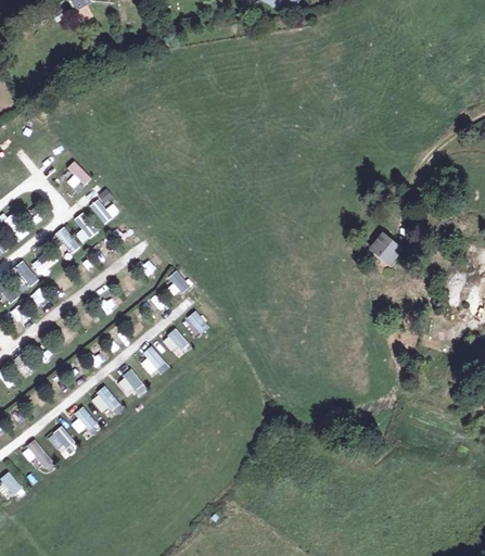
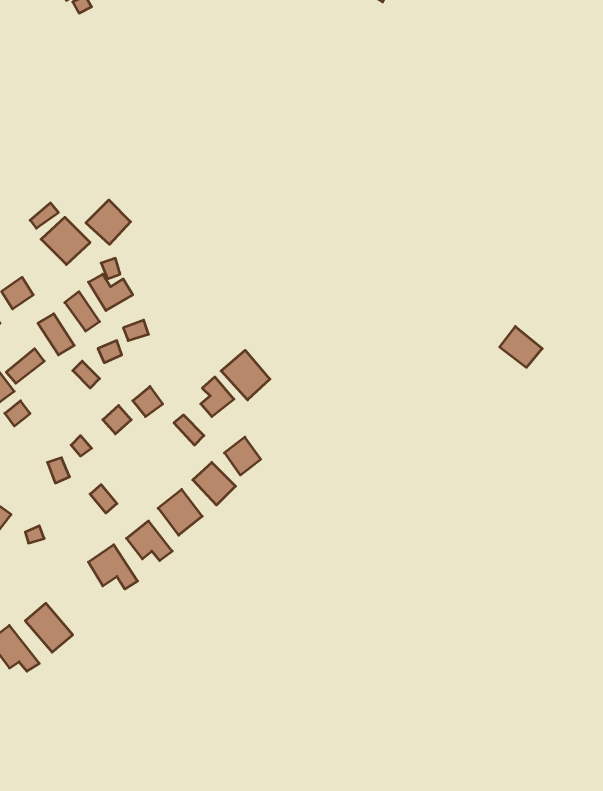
building: none -> [86,200,131,244]
building: none -> [221,350,270,400]
building: [67,406,100,433] -> none

